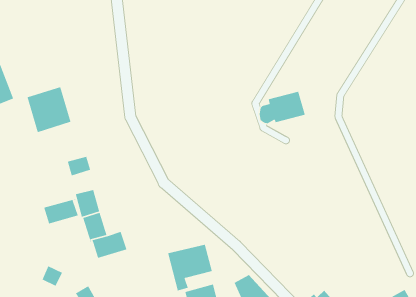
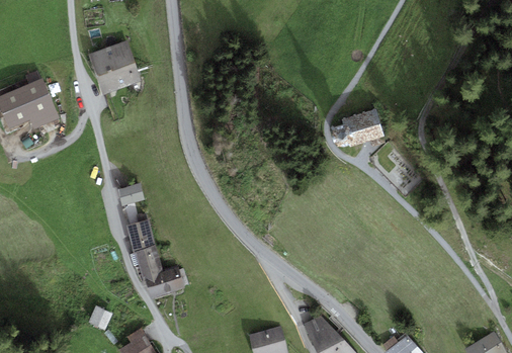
building: [26,86,72,133] -> [89,40,140,93]
building: [43,198,79,224] -> none
building: [167,244,213,292] -> none

